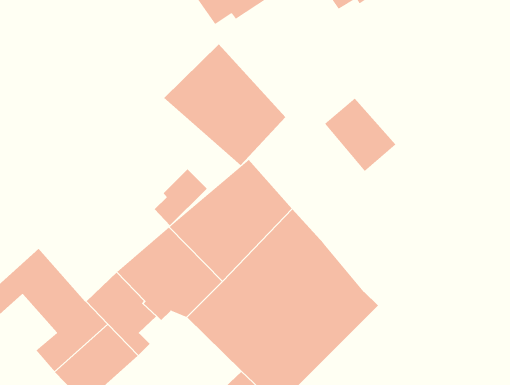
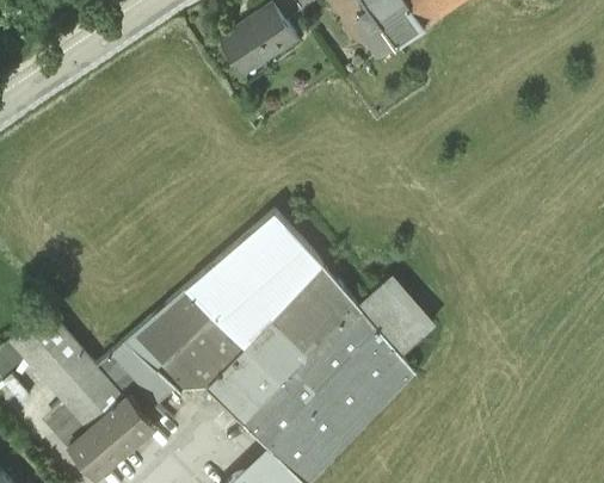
building: [163,44,286,166] -> none
building: [324,98,396,172] -> [357,278,436,359]
building: [154,169,208,226] -> none

